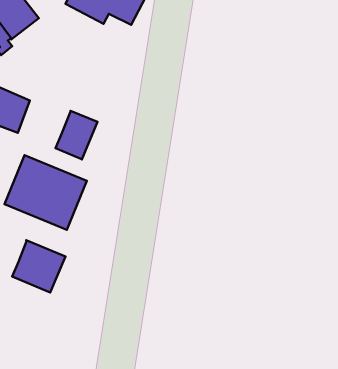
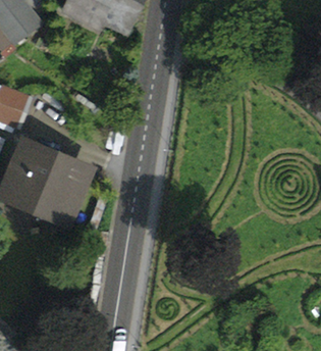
building: [55,111,98,160] -> none
building: [12,240,66,293] -> none

